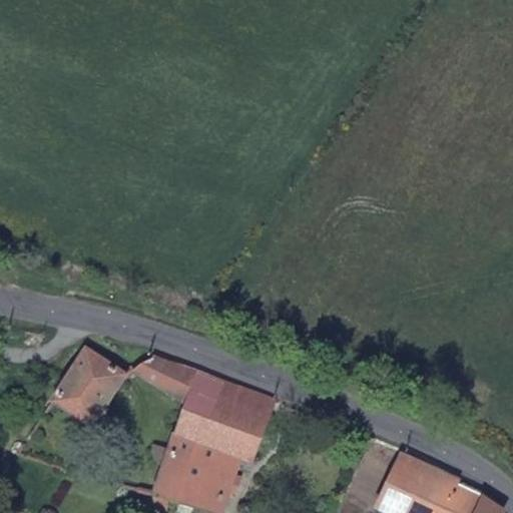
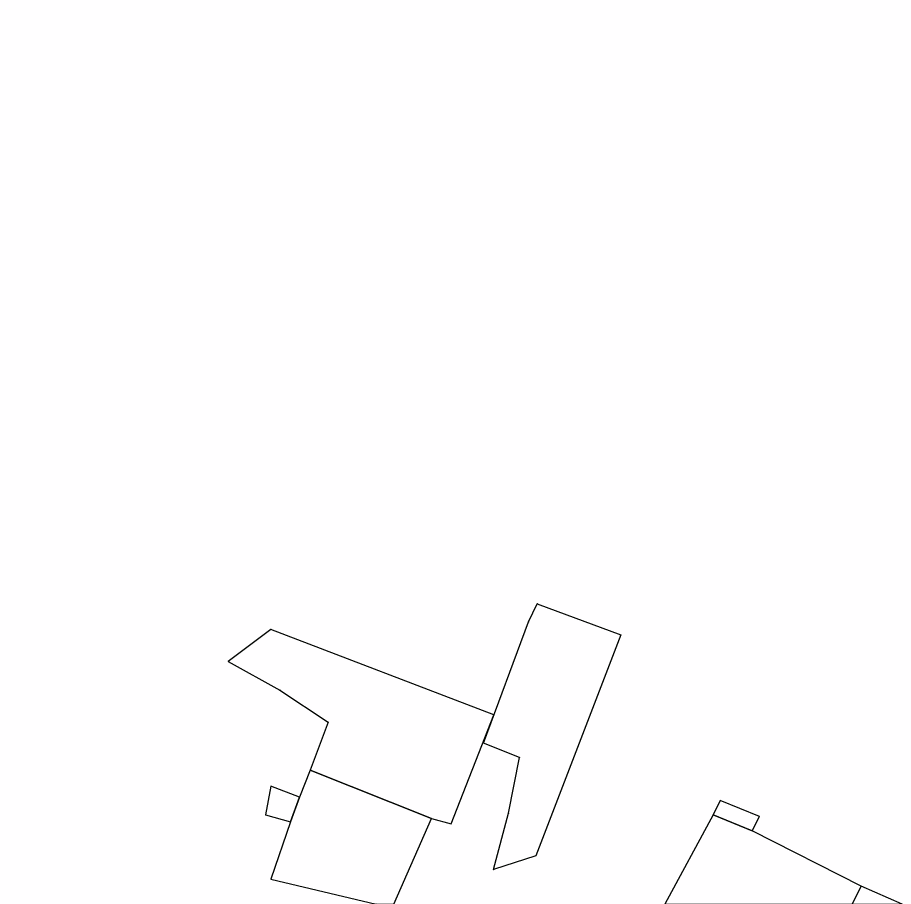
building: none -> [483,604,621,870]
building: [54,348,128,425] -> none

